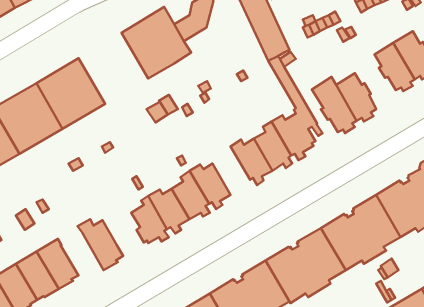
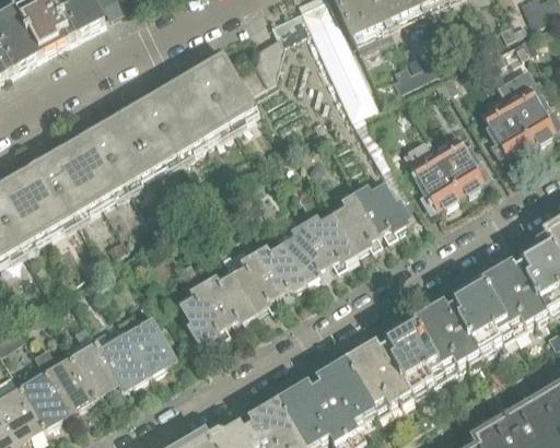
building: none -> [117,83,202,169]
building: none -> [281,222,328,281]
building: none -> [92,319,148,386]

